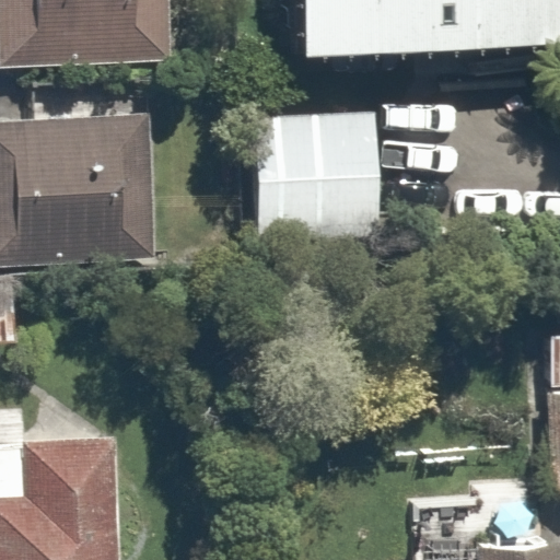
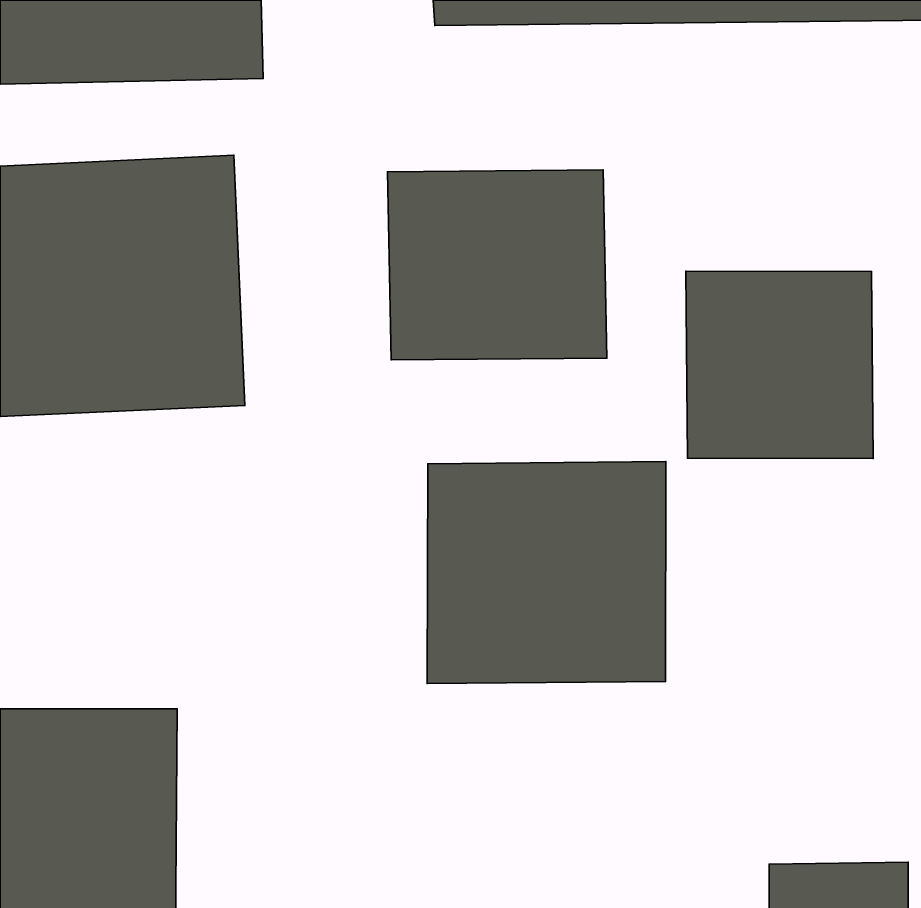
building: none -> [686,271,873,458]
building: none -> [427,462,666,683]

